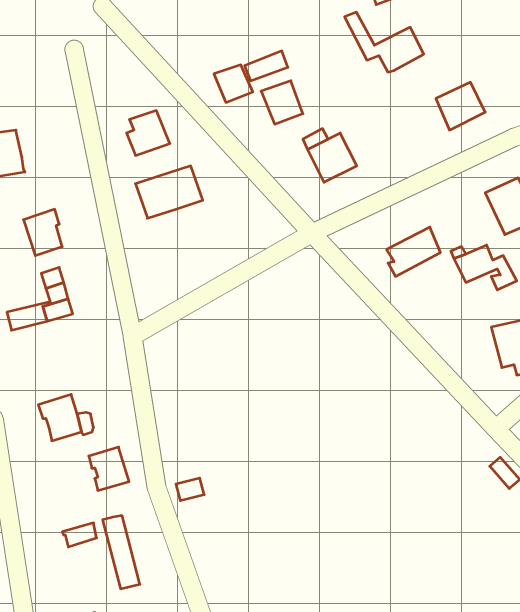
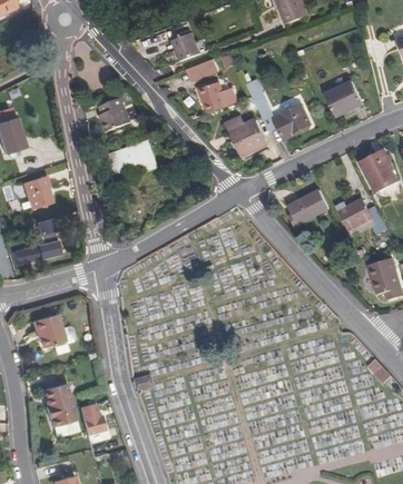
building: [345,12,424,72] -> [253,93,312,138]
building: [214,65,253,102] -> [169,32,198,60]
building: [89,447,129,490] -> [42,383,72,415]

